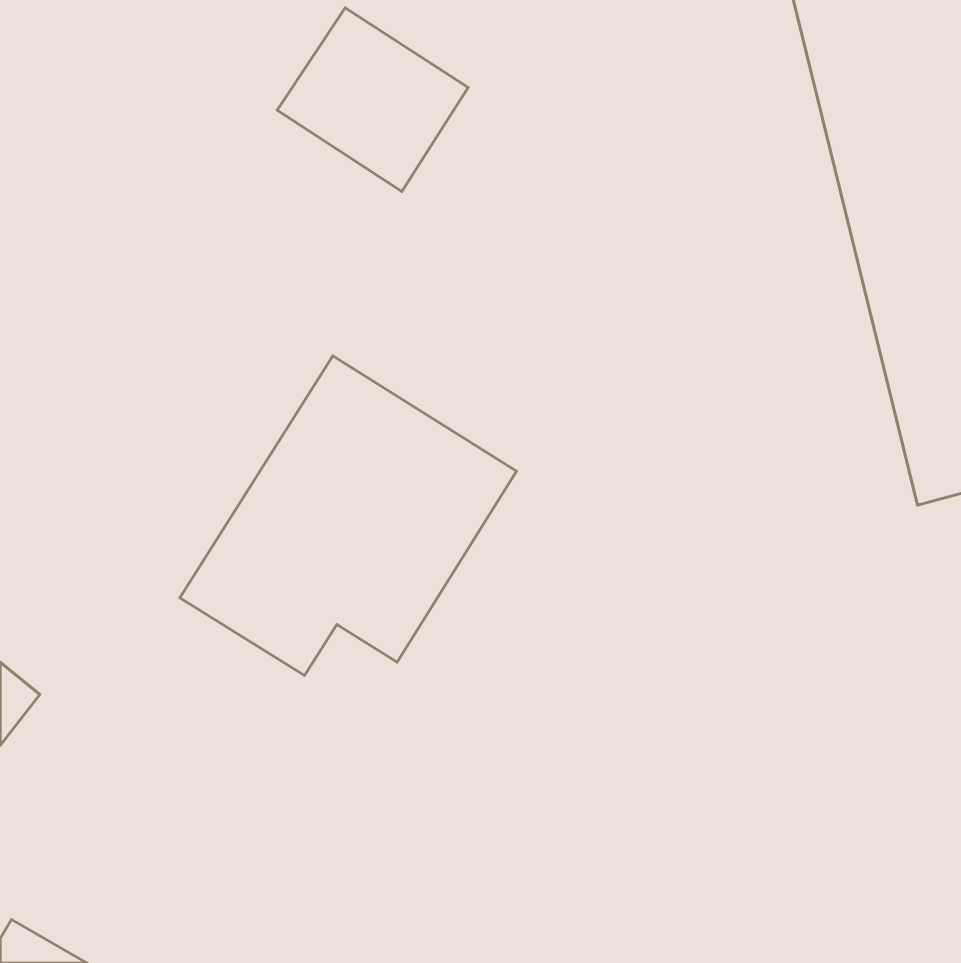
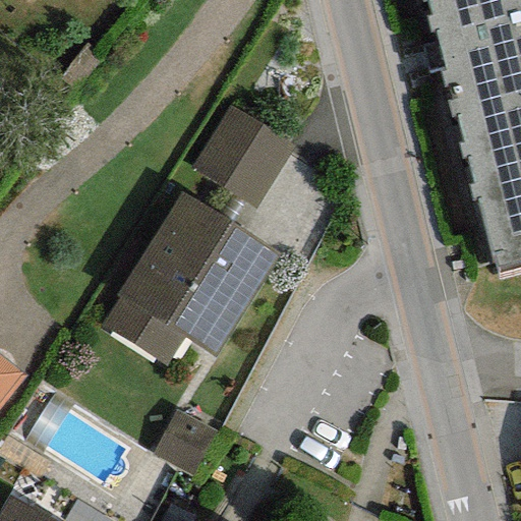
building: [277,8,468,191] -> [191,107,294,206]

